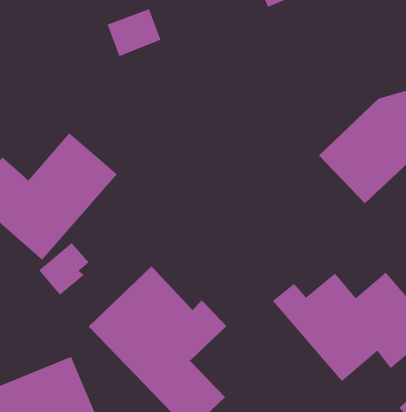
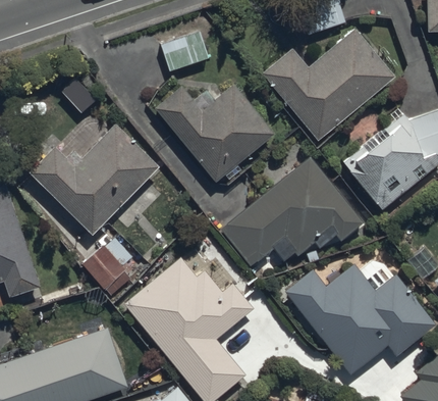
building: none -> [259,29,395,144]
building: none -> [159,86,273,181]
building: none -> [227,160,358,264]

